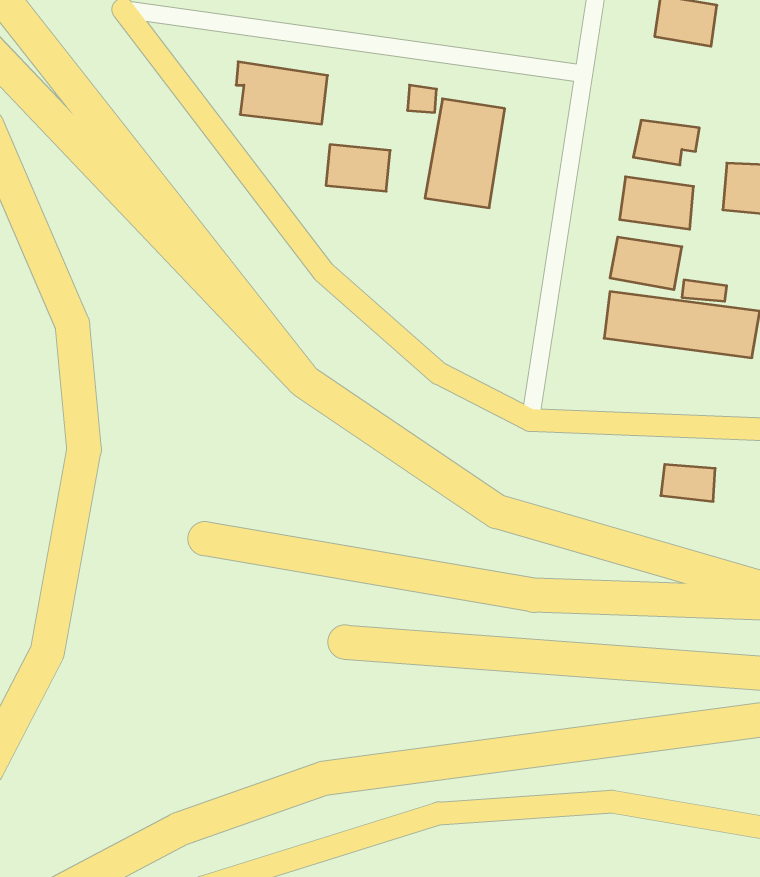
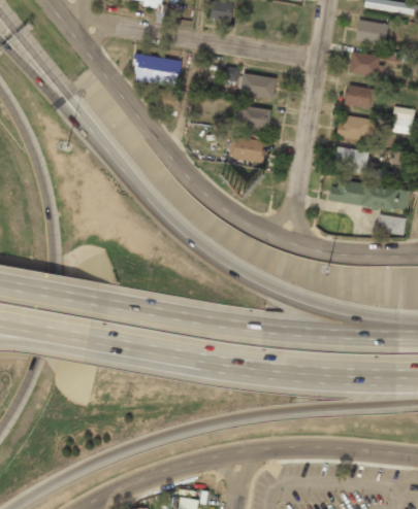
building: none -> [349,52,380,77]
building: [326,145,390,191] -> [229,137,263,162]
building: [661,464,715,501] -> [377,215,406,235]

